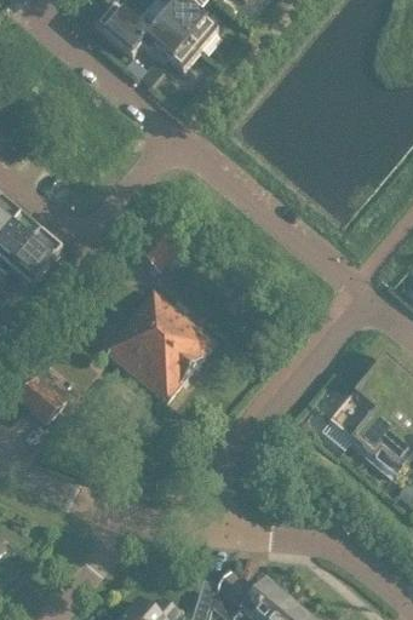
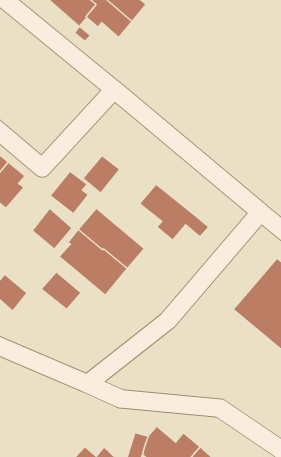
building: none -> [50,171,89,214]
building: none -> [139,184,209,240]
building: none -> [32,208,72,249]
building: none -> [41,272,81,310]

